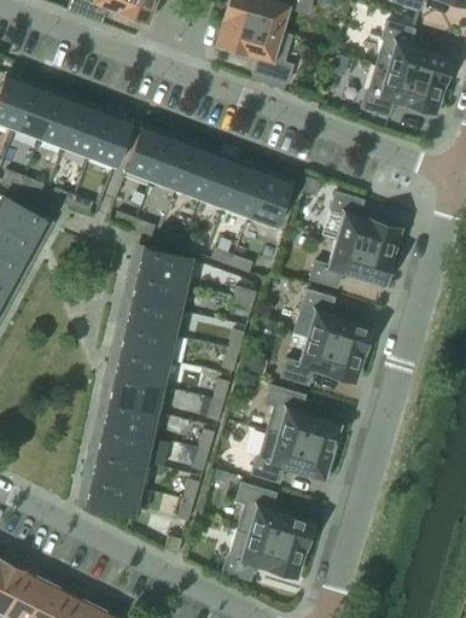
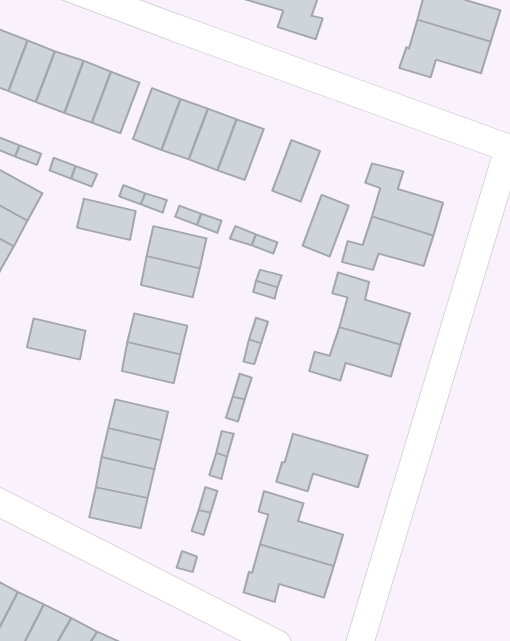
building: [225,163,266,217] -> [303,195,349,256]
building: [127,301,179,337] -> [77,199,136,240]
building: [110,377,162,413] -> [27,318,86,359]
building: [266,386,340,451] -> none

